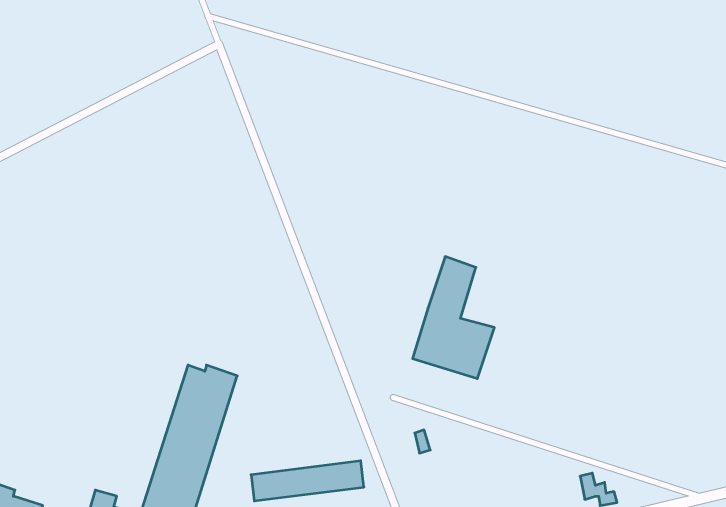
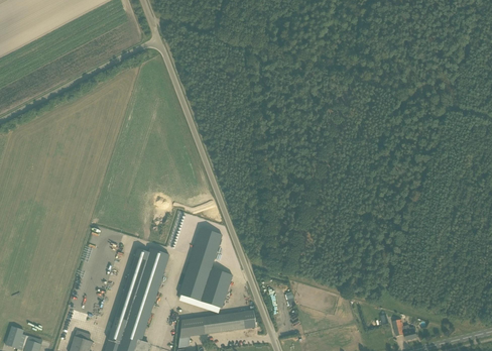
building: [413,257,494,379] -> [180,229,234,309]

